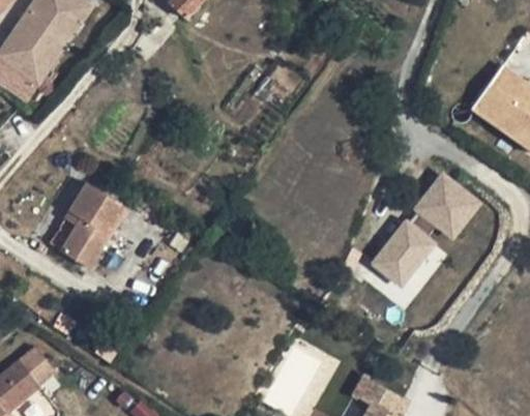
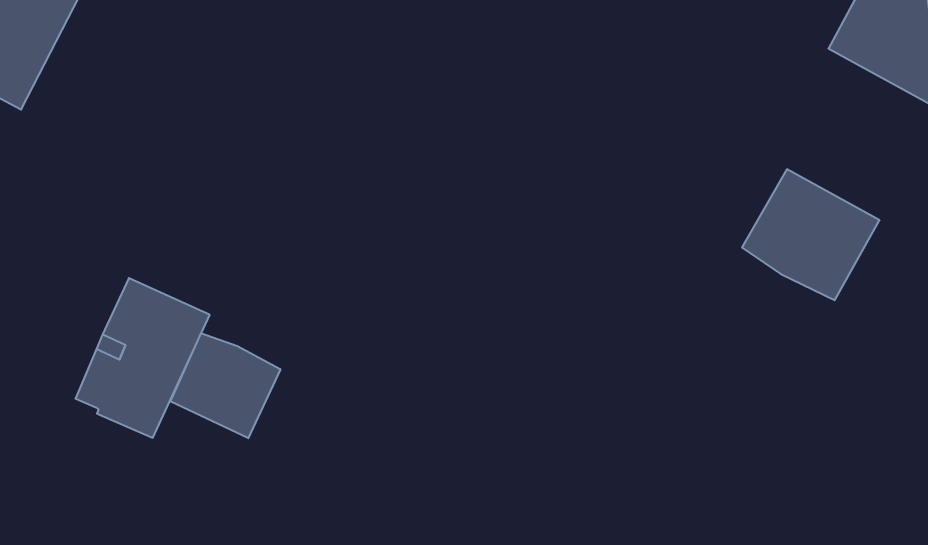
building: [367,213,436,291] -> none
building: none -> [171,333,280,438]

